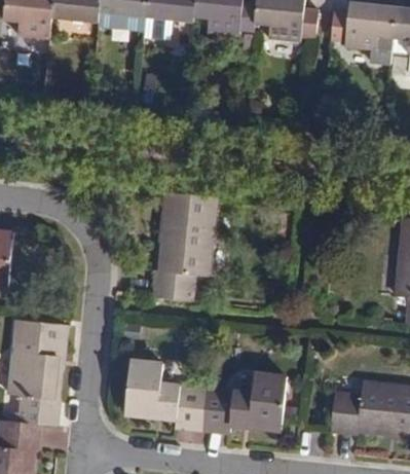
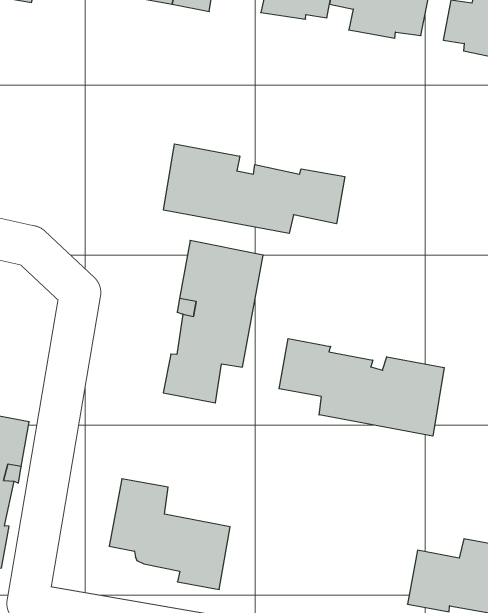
building: none -> [164,144,345,233]
building: none -> [279,339,444,436]
building: [204,370,289,430] -> none

